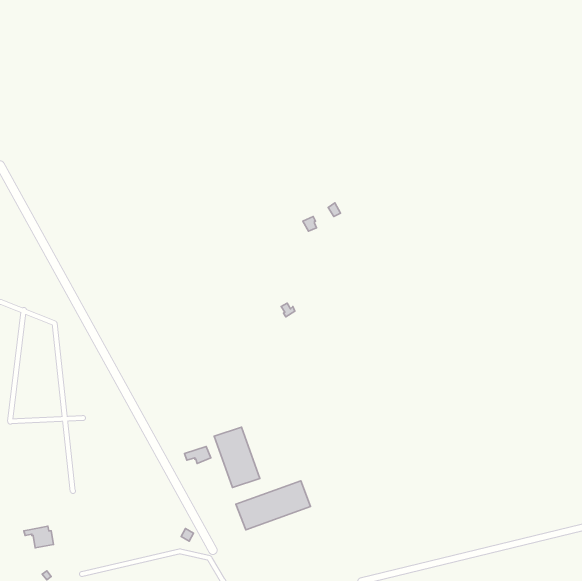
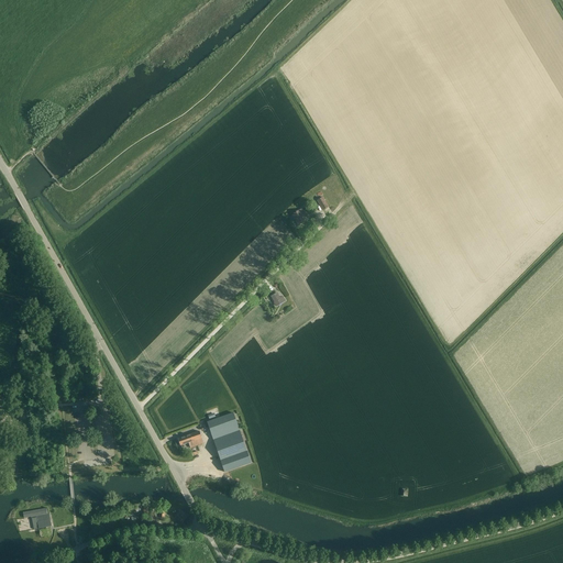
building: [236,481,311,530] -> none

